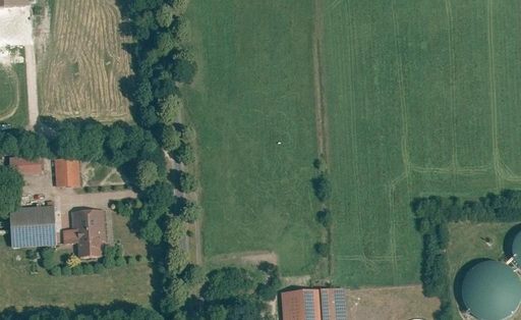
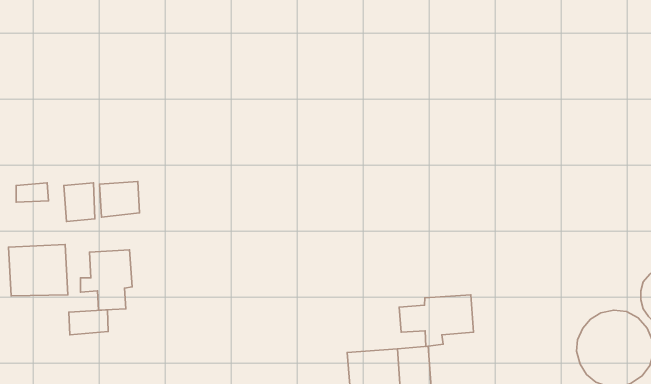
building: none -> [100,182,139,217]
building: none -> [399,295,473,346]
building: none -> [69,310,108,335]

